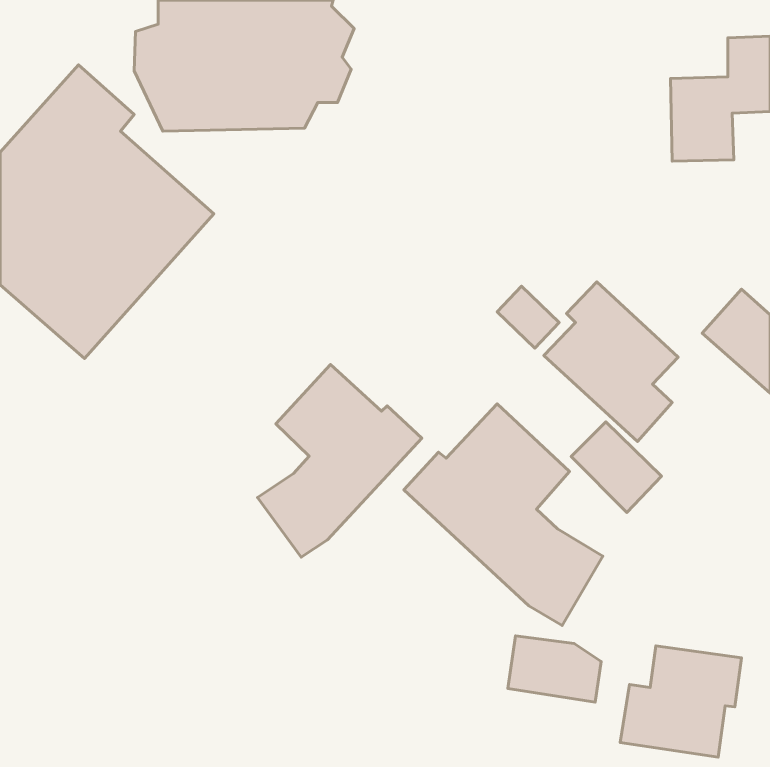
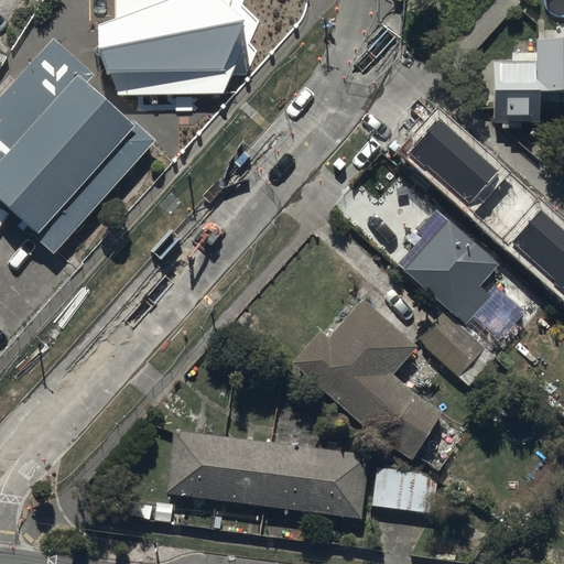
building: none -> [410,121,499,207]
building: [257,364,422,557] -> none
building: none -> [164,429,362,517]
building: [620,646,742,757] -> none

